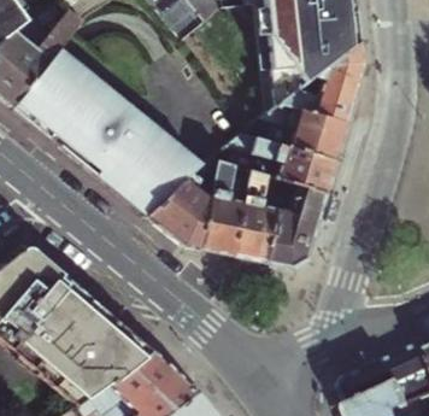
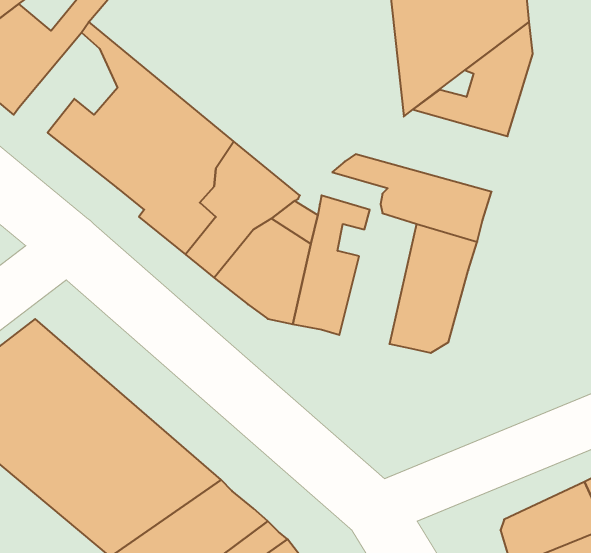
building: [16,52,82,119] -> none
building: [242,104,345,159] -> none
building: [231,171,283,262] -> none

